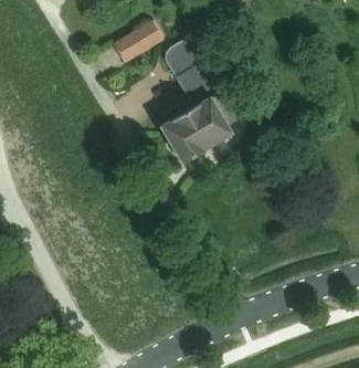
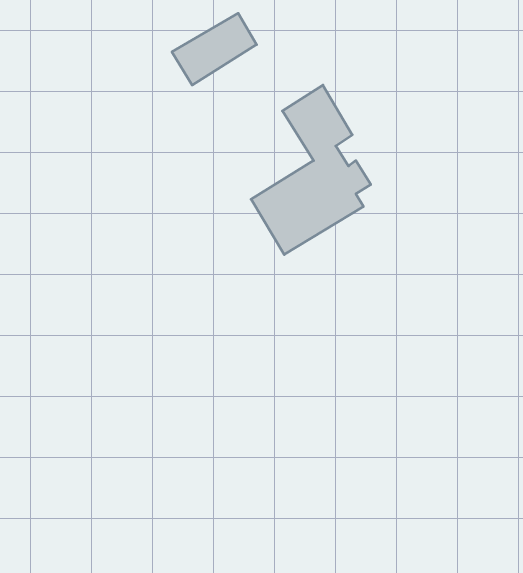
building: [166,34,209,78] -> none

